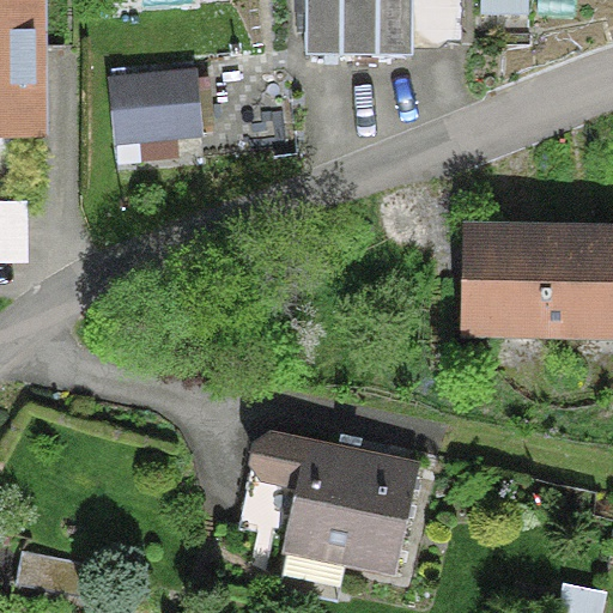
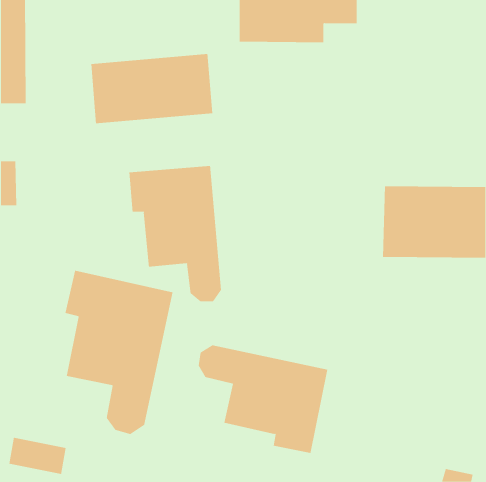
building: none -> [129,165,222,302]
building: none -> [65,270,173,435]

